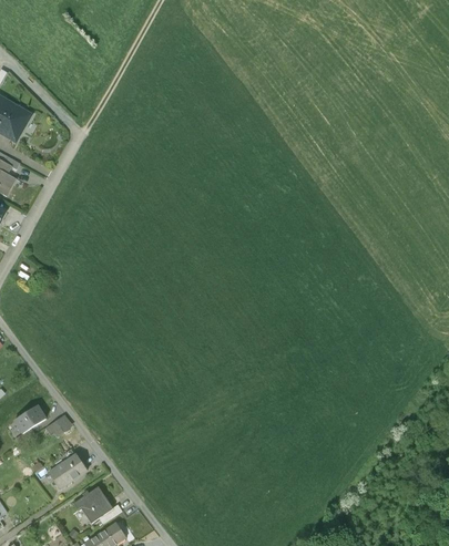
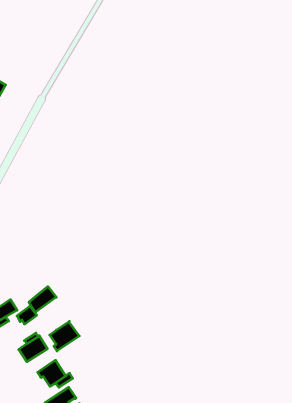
building: none -> [29,287,56,312]
building: none -> [50,321,79,351]

